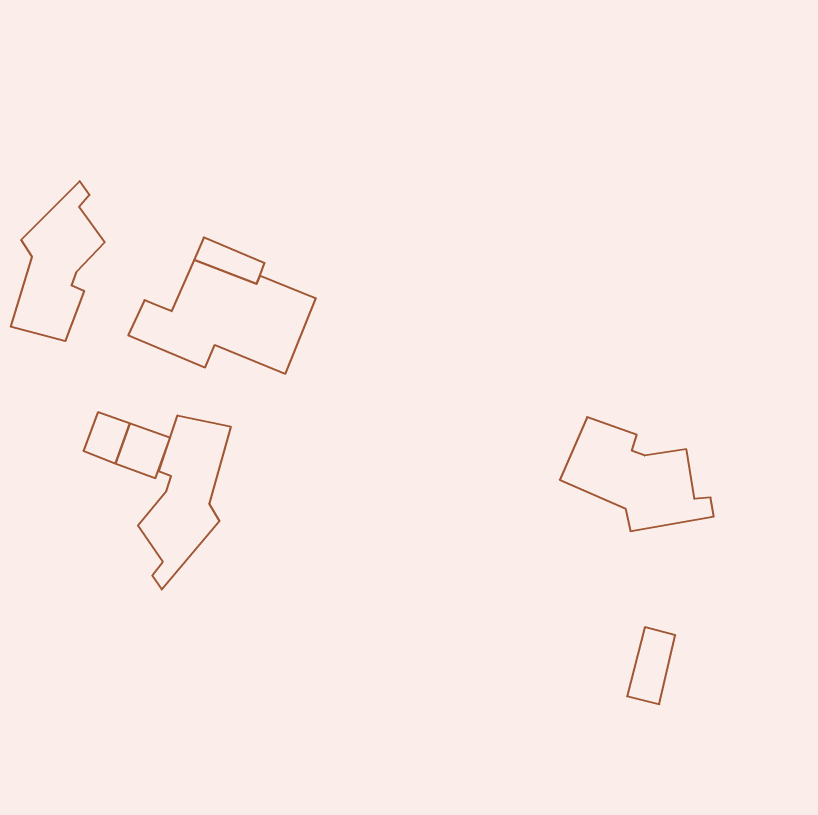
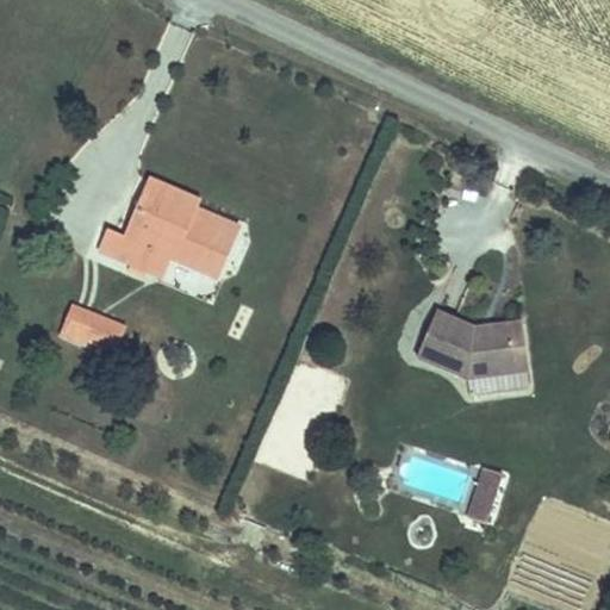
building: [11,181,105,341] -> none
building: [138,415,231,590] -> none
building: none -> [469,319,528,371]

